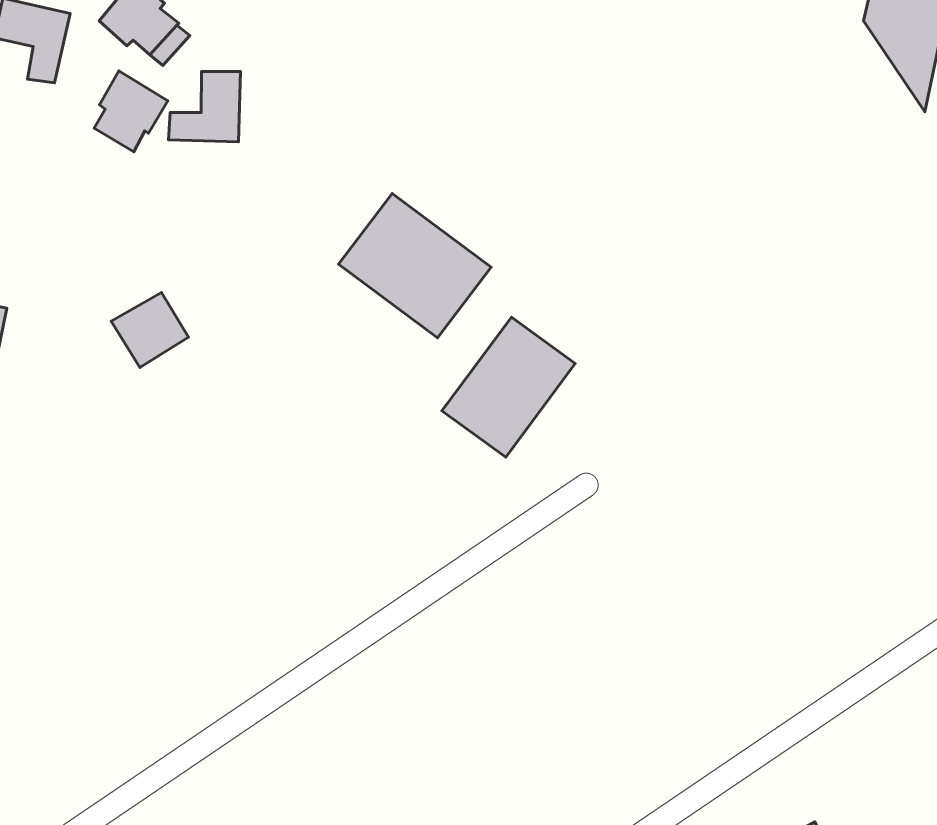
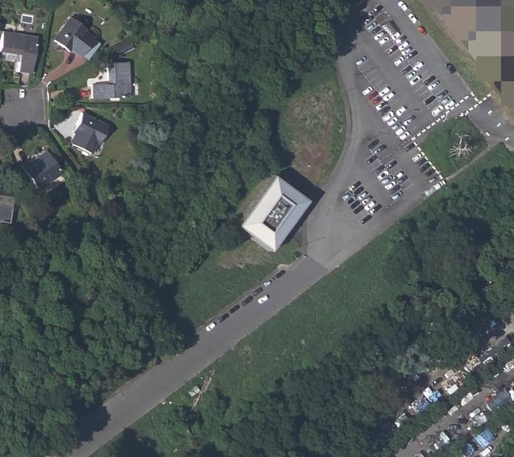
building: [94,71,168,152] -> [72,110,109,152]
building: [339,193,491,338] -> none
building: [111,293,188,368] -> [23,149,63,188]

